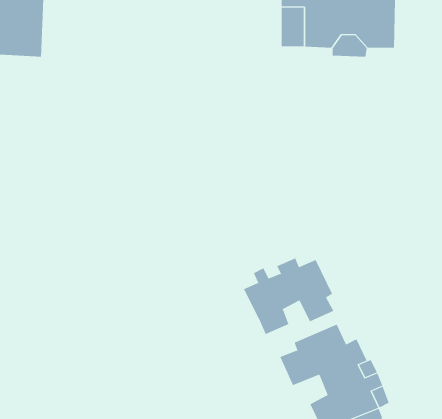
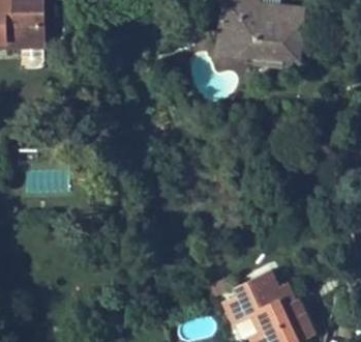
building: [243,257,334,335] -> none

